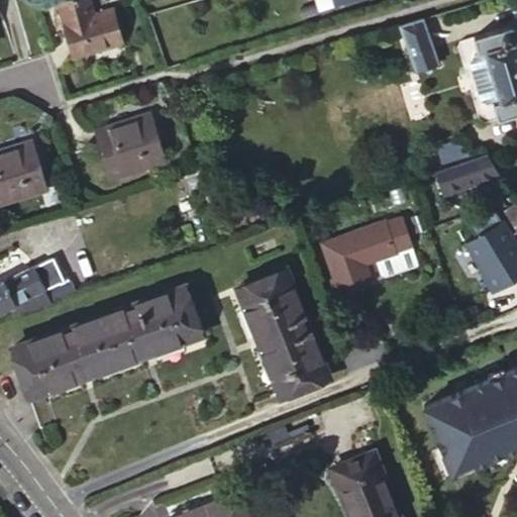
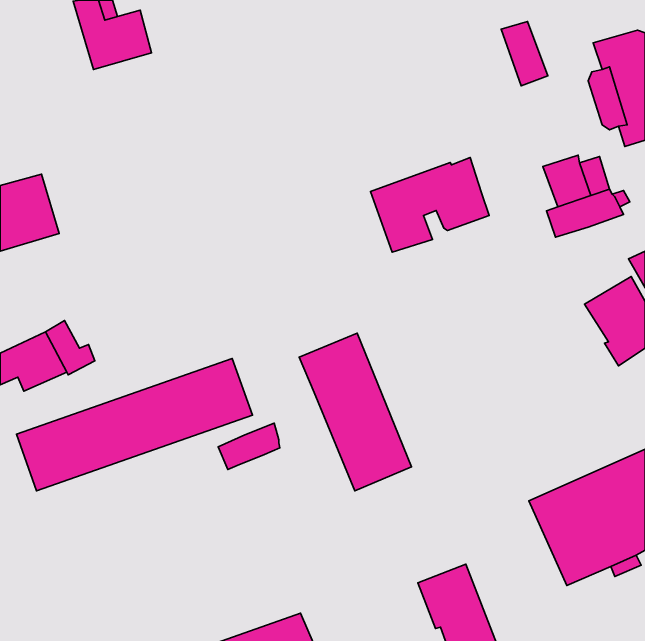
building: [96,116,166,180] -> none
building: [323,218,418,294] -> [371,157,489,252]
building: none -> [218,423,280,469]

